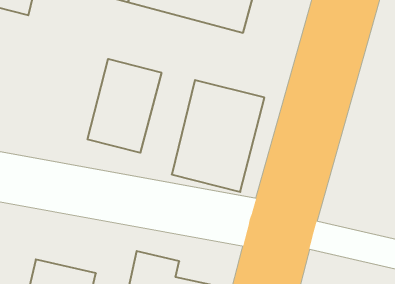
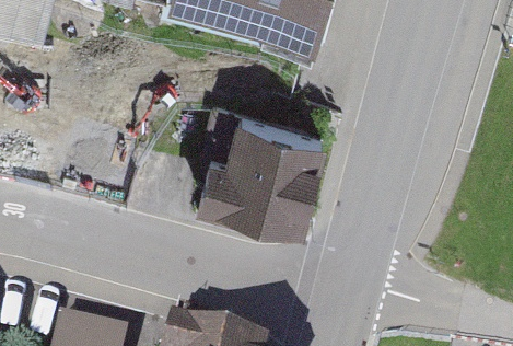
building: [88,59,161,153] -> none

